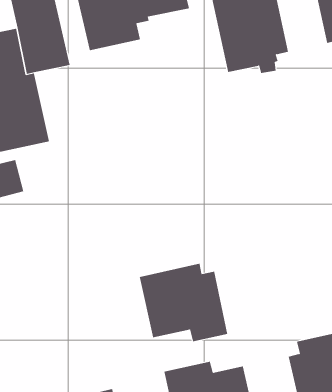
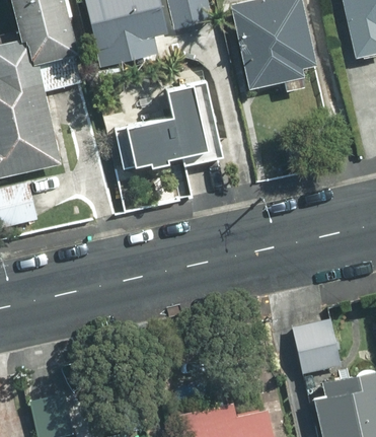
building: none -> [112,82,222,172]
building: [139,263,228,342] -> none
building: none -> [292,316,339,370]

